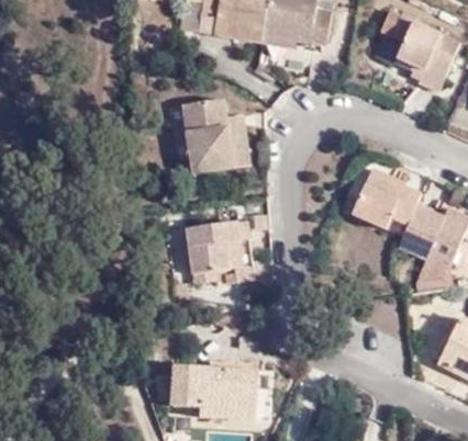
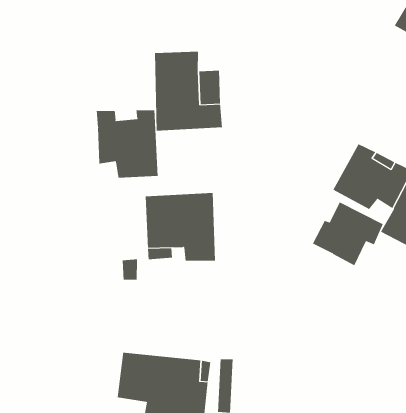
building: none -> [96,109,158,178]
building: none -> [312,201,383,266]

